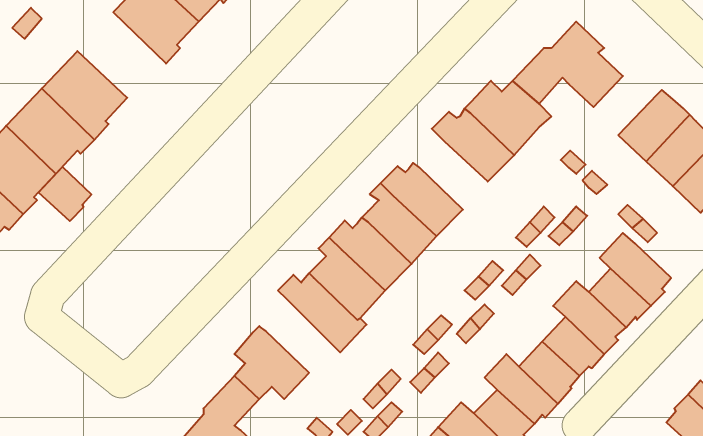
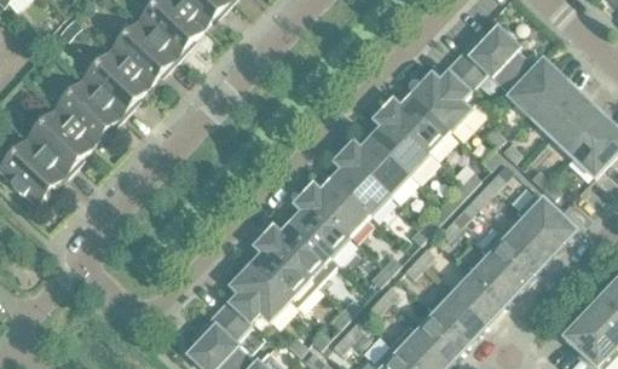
building: none -> [109,19,178,86]
building: none -> [509,63,564,115]
building: none -> [375,110,438,181]
building: [38,167,91,221] -> none
building: none -> [250,236,313,305]

